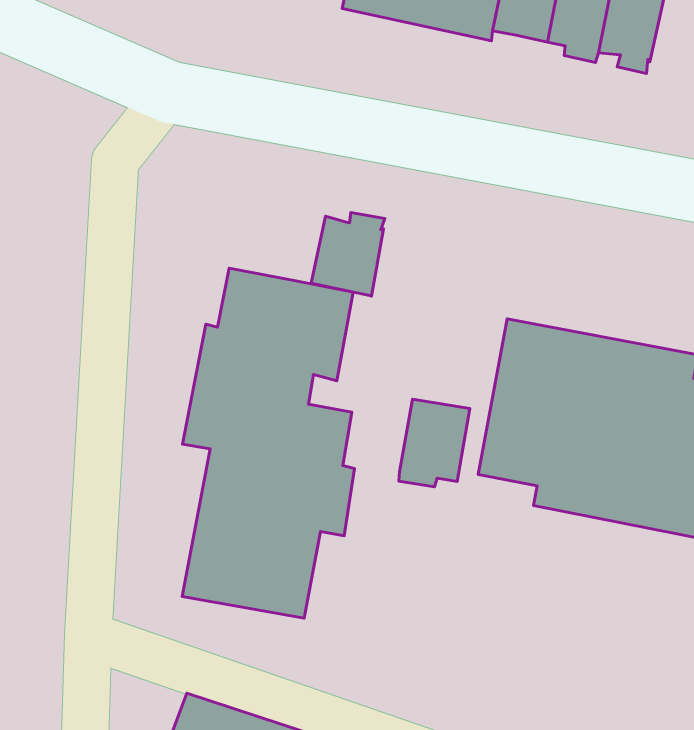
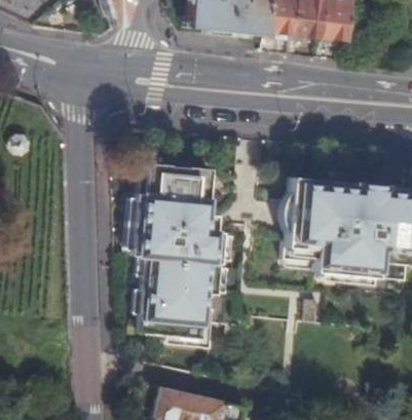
building: [311,213,385,296] -> none
building: [399,399,470,487] -> none

